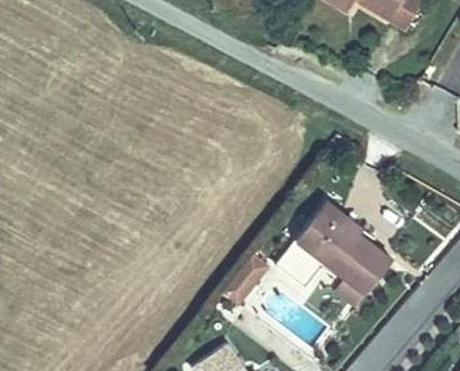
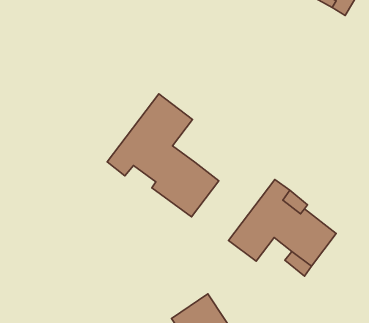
building: none -> [107,94,219,217]

